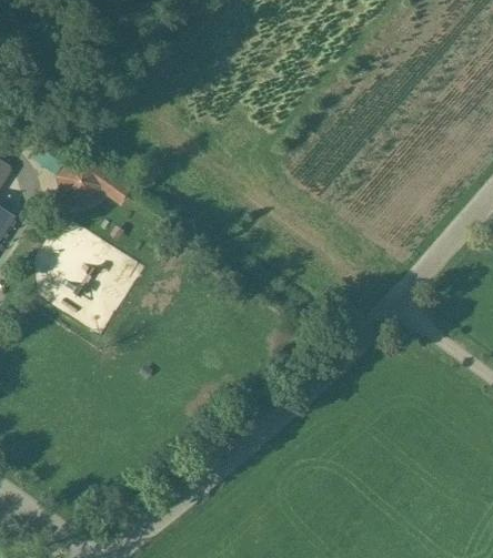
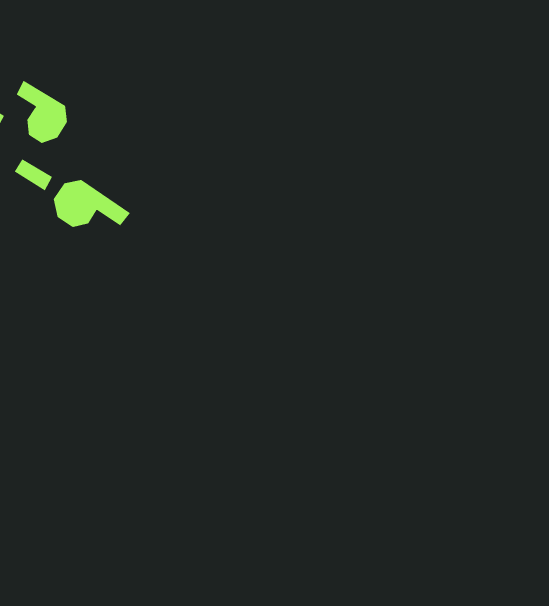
building: none -> [16,80,67,144]

